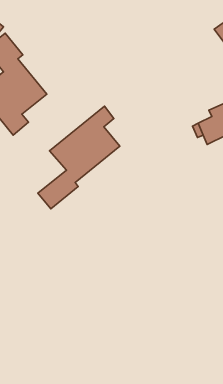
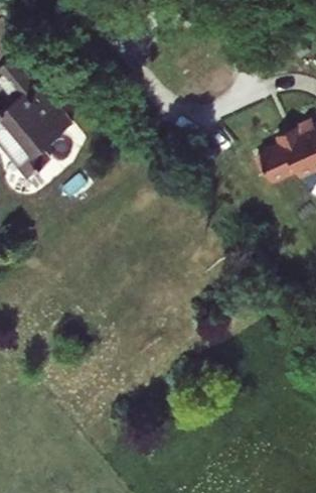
building: [38,106,120,209] -> none

